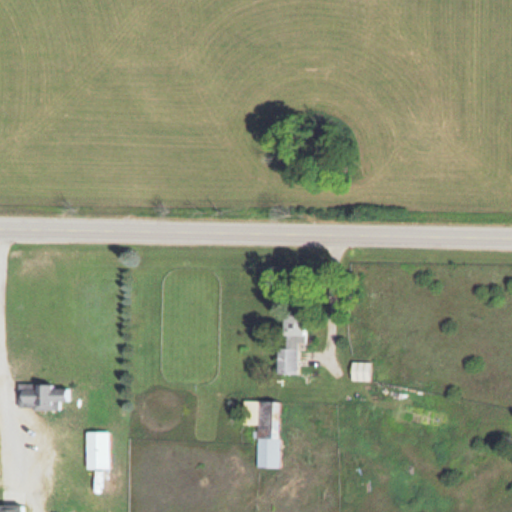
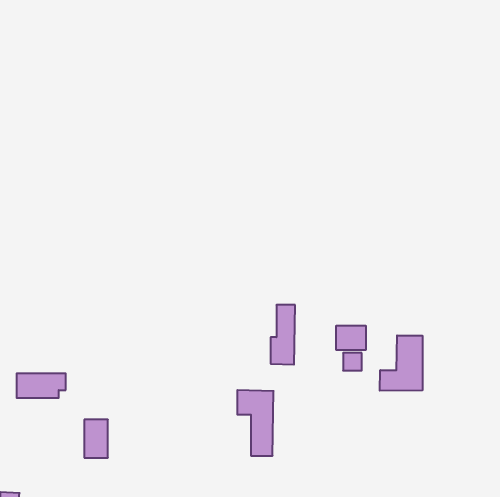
building: none -> [336,326,366,350]
building: none -> [380,335,422,391]

